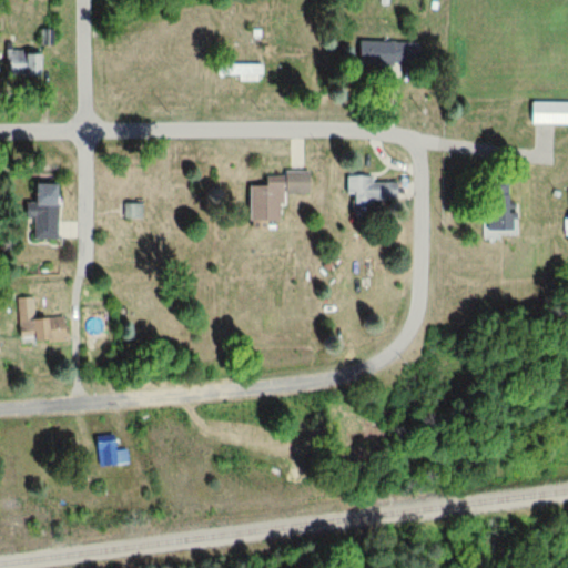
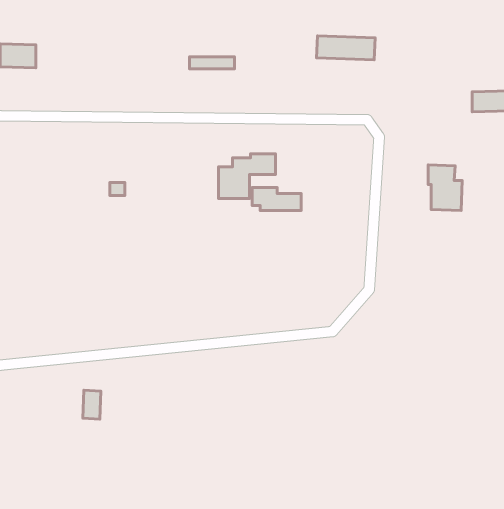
building: [346,175,400,201] -> [252,188,301,211]
building: [31,183,60,239] -> none
building: [19,296,72,343] -> none

